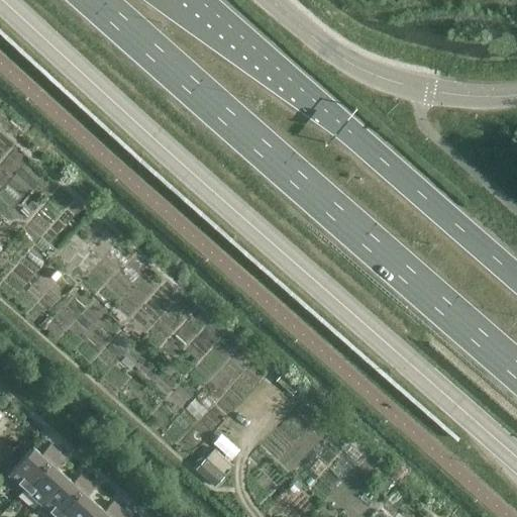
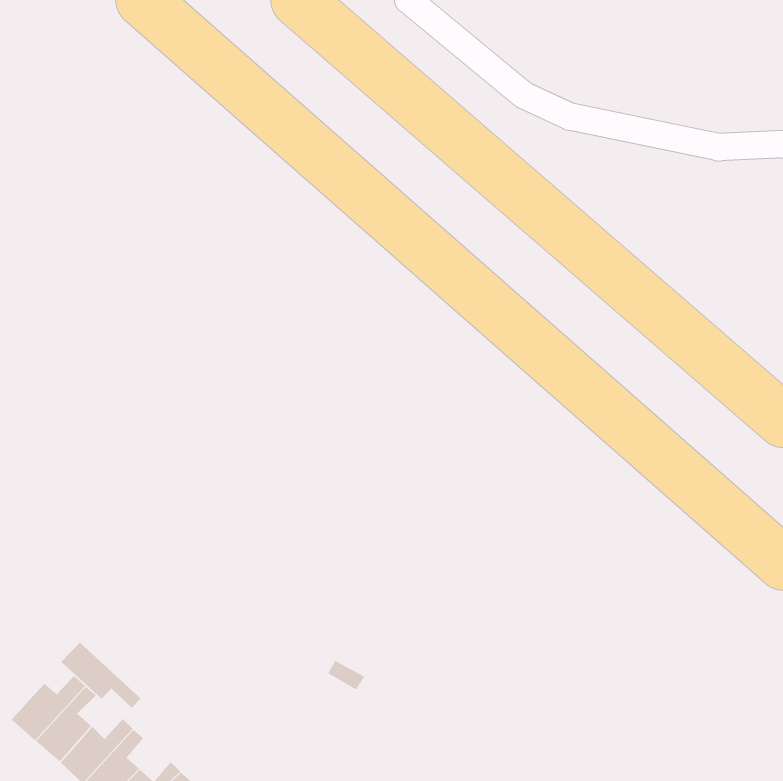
building: none -> [61,642,142,708]
building: [196,448,233,486] -> none

